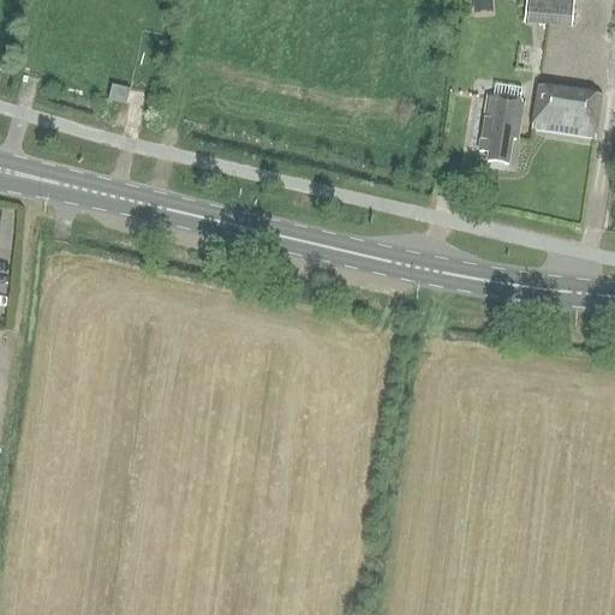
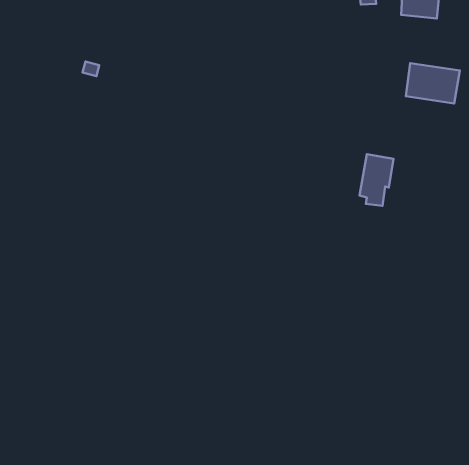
building: [478,94,523,161] -> [359,154,393,206]

